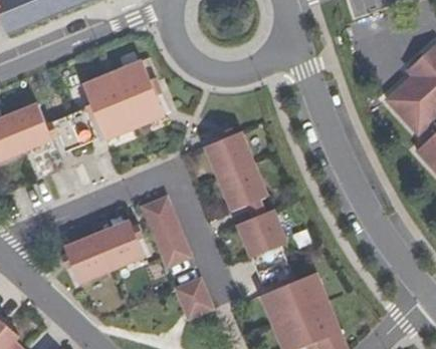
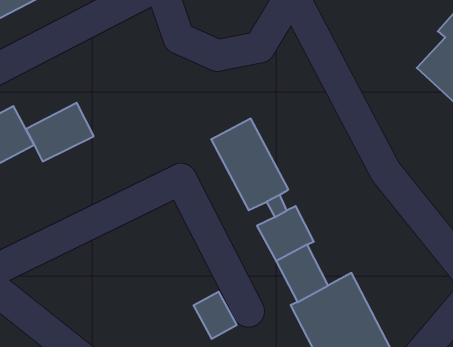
building: [81,60,163,138] -> none
building: [143,198,190,267] -> none
building: [64,222,144,283] -> none

